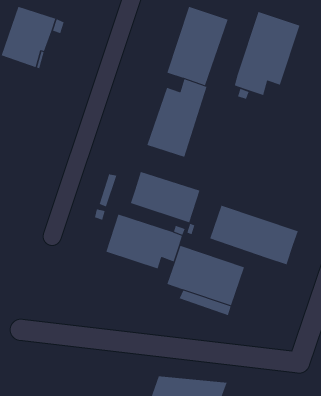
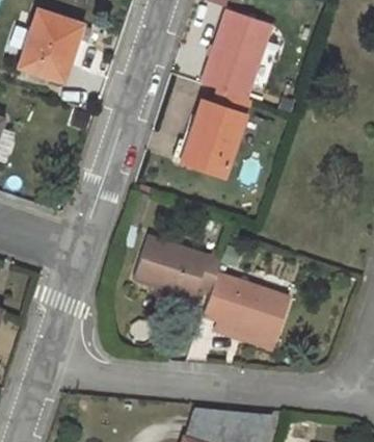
building: [234,11,300,96] -> none
building: [130,171,200,223] -> none
building: [210,205,298,265] -> none

